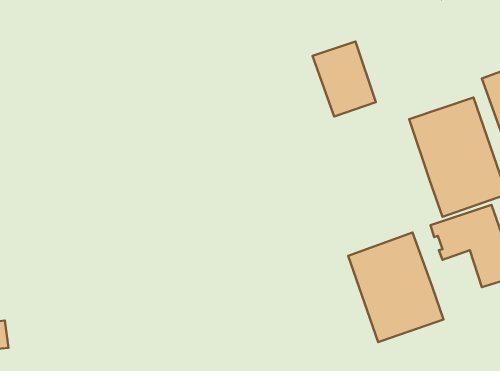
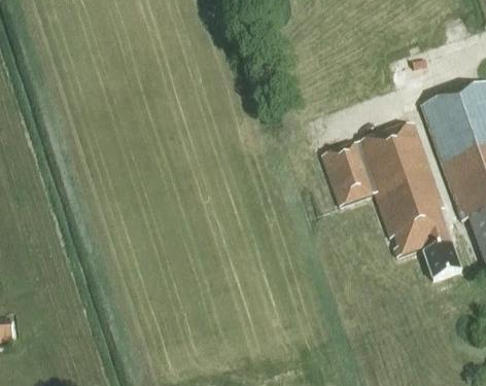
building: [313,41,376,117] -> [320,140,375,205]
building: [348,232,444,342] -> none

